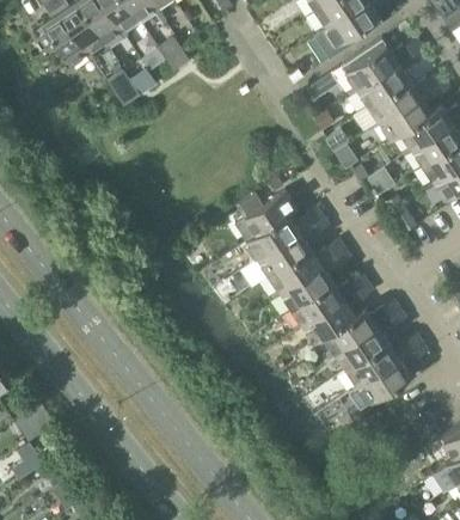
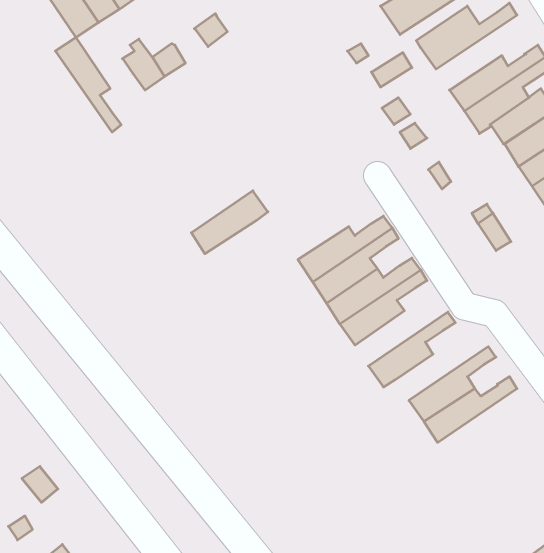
building: [356,47,427,106] -> none
building: none -> [55,38,121,132]
building: [235,191,296,241] -> [191,191,268,254]
building: [292,274,366,326] -> none
building: [324,301,398,354] -> none
building: [350,344,427,412] -> none

